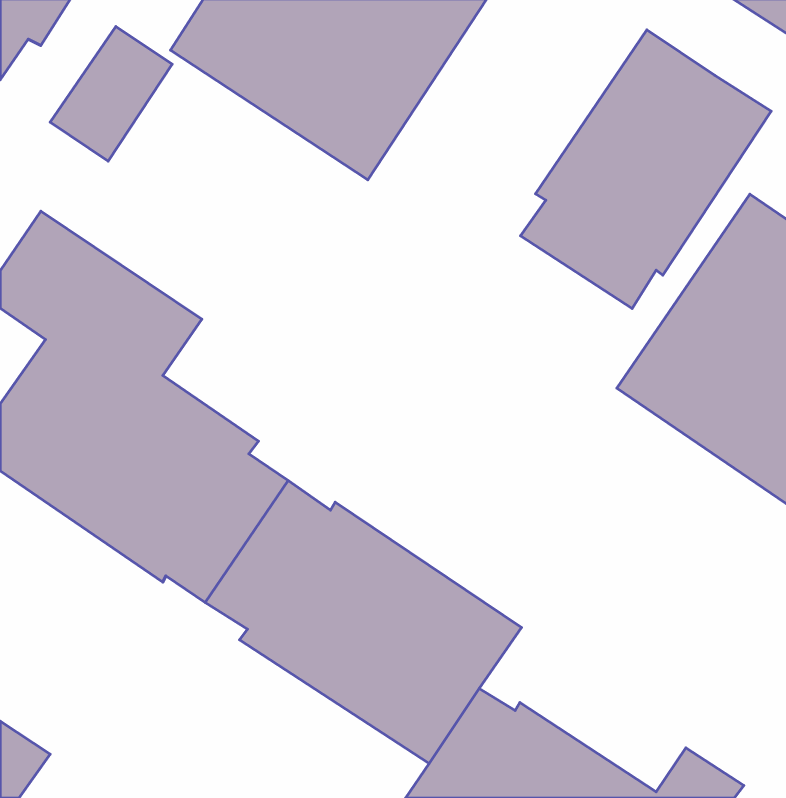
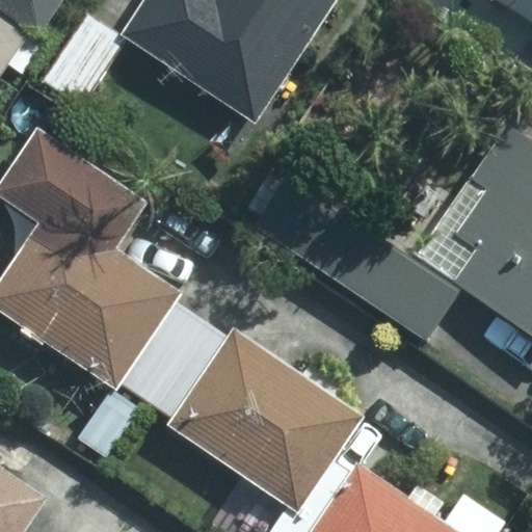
building: [521,30,771,309] -> none
building: none -> [254,178,457,339]

